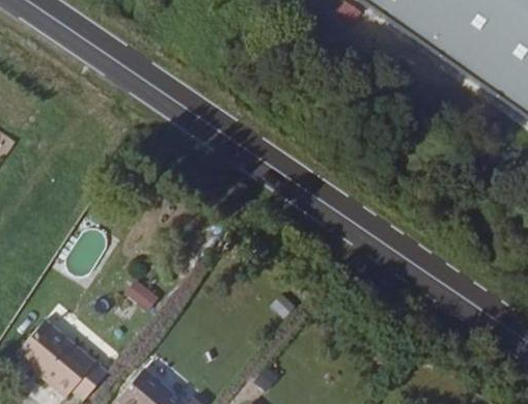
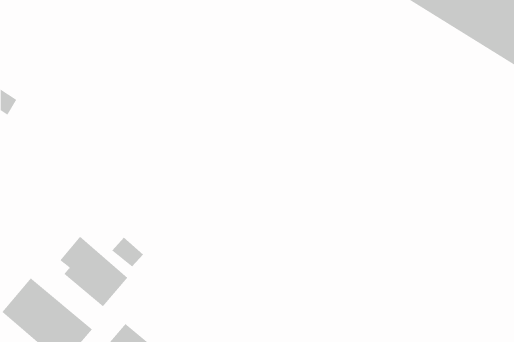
building: none -> [59,236,128,307]

